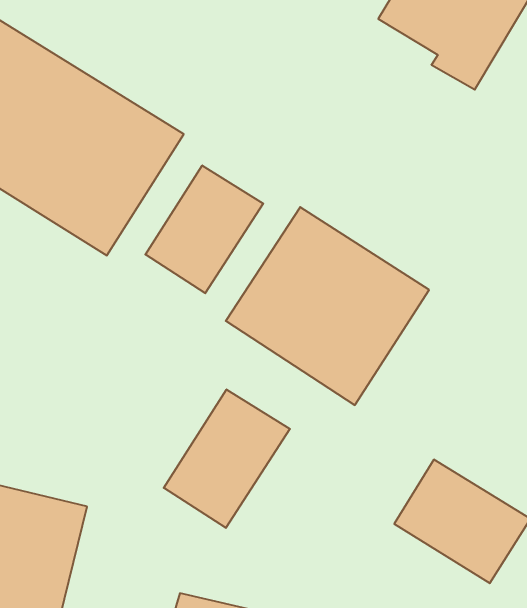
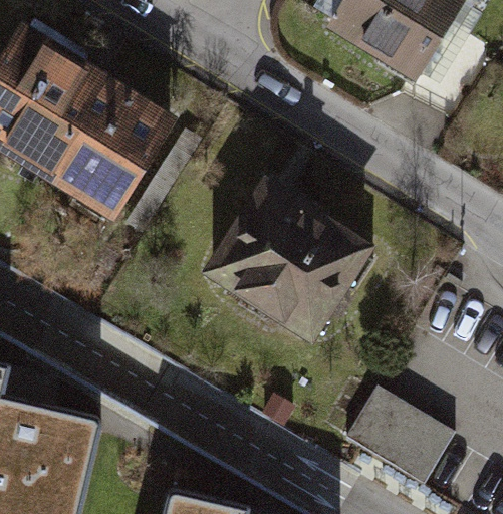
building: [145,165,263,293] -> none
building: [164,389,290,528] -> none

